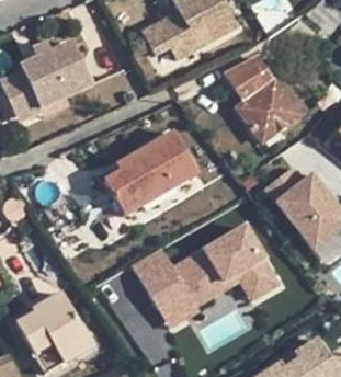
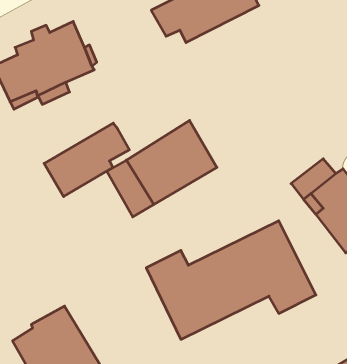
building: [225,56,297,139] -> none
building: none -> [44,123,129,197]

